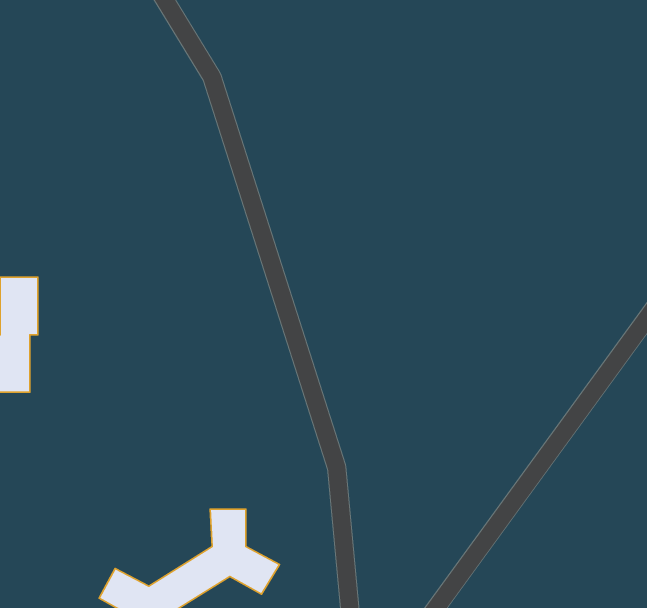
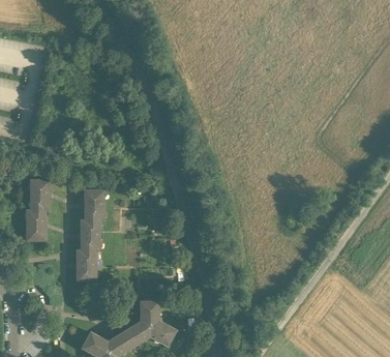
building: none -> [77,189,103,280]

